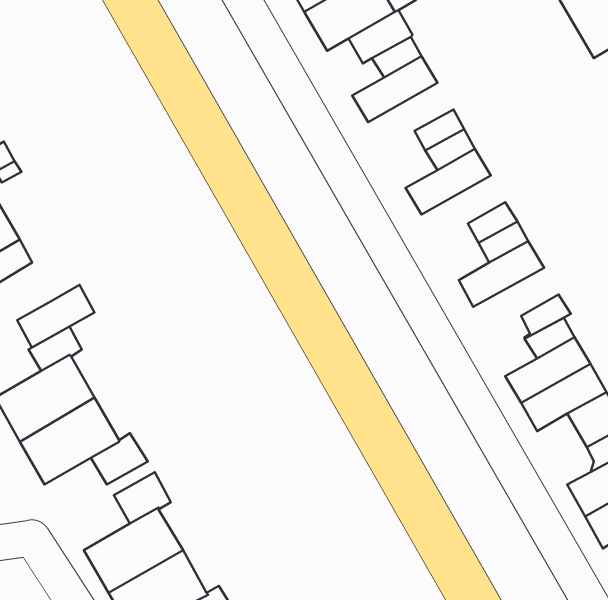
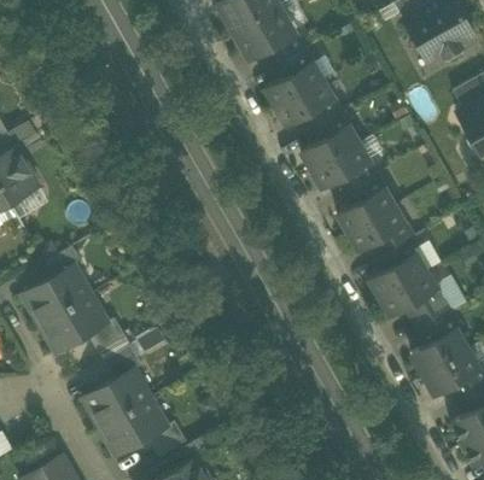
building: none -> [275,81,333,125]
building: none -> [311,144,368,188]
building: none -> [346,206,404,251]
building: [17,285,94,348] -> none

